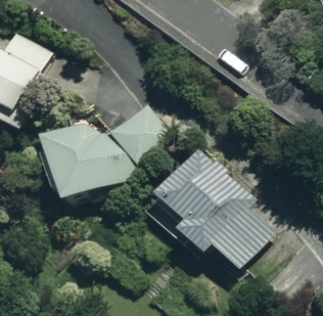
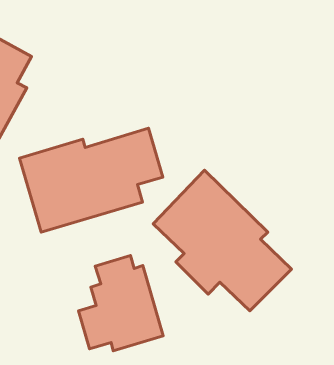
building: none -> [78,255,163,351]

